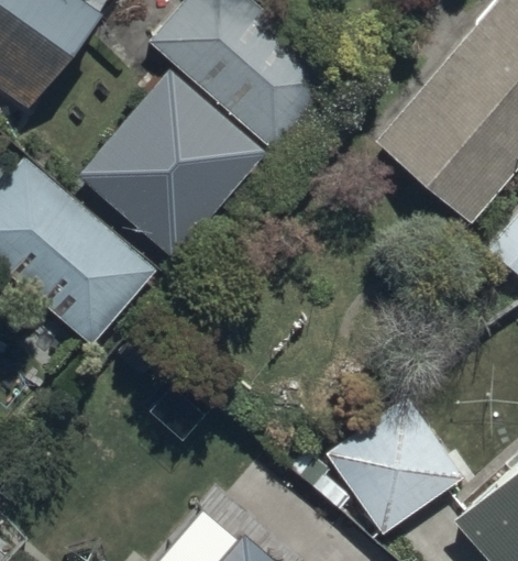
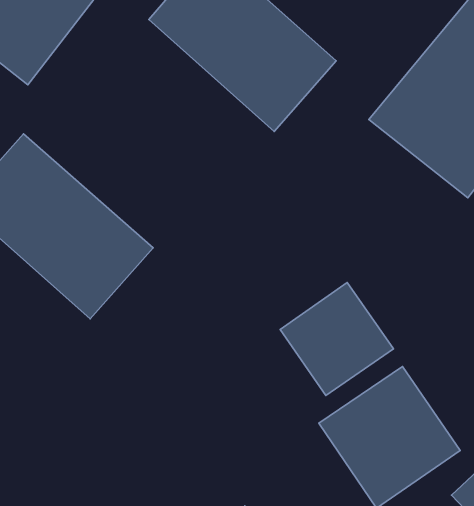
building: [85,70,266,259] -> none
building: none -> [280,283,394,396]

